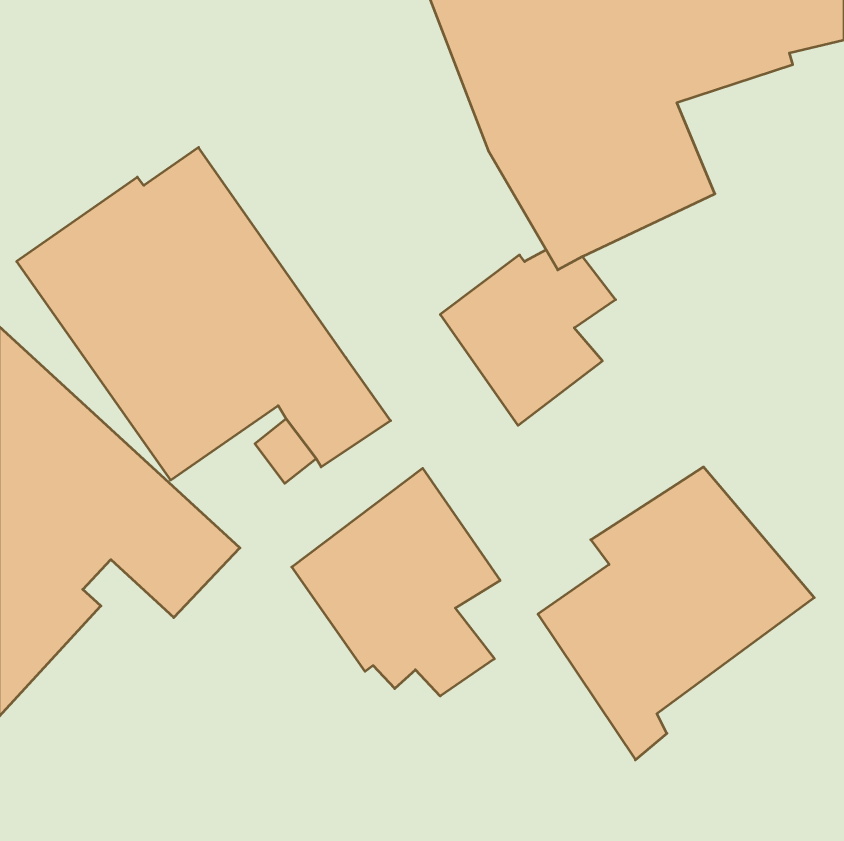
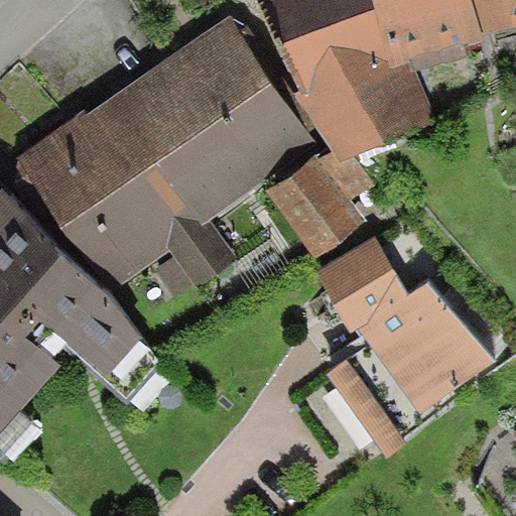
building: none -> [121,14,318,218]
building: none -> [316,238,408,333]
building: [292,468,500,696] -> none

